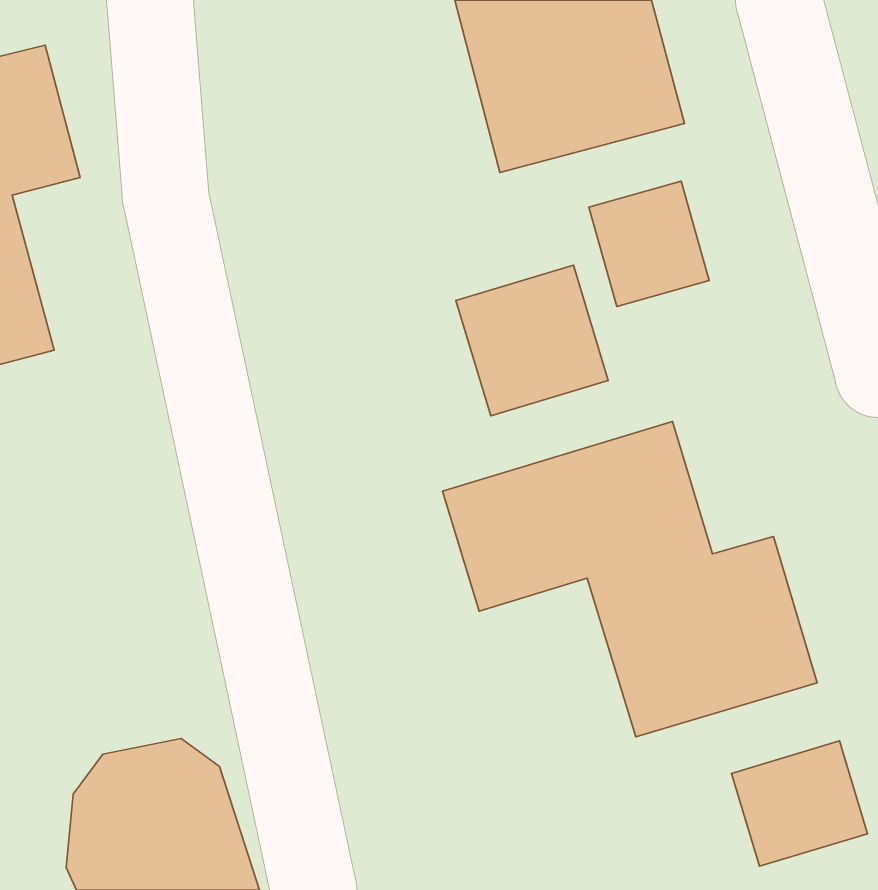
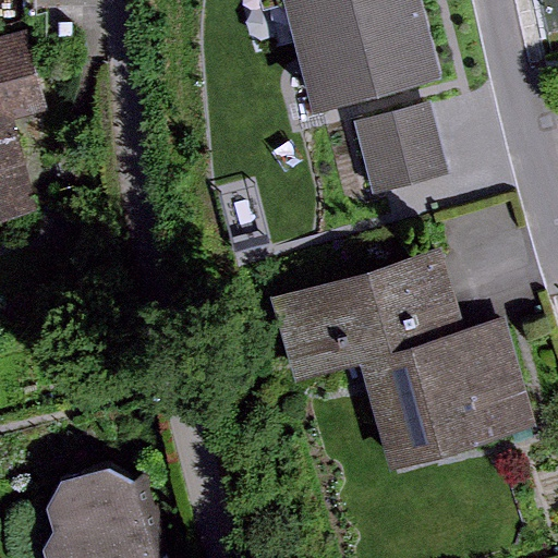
building: [456,265,608,416] -> none
building: [731,741,868,866] -> none

